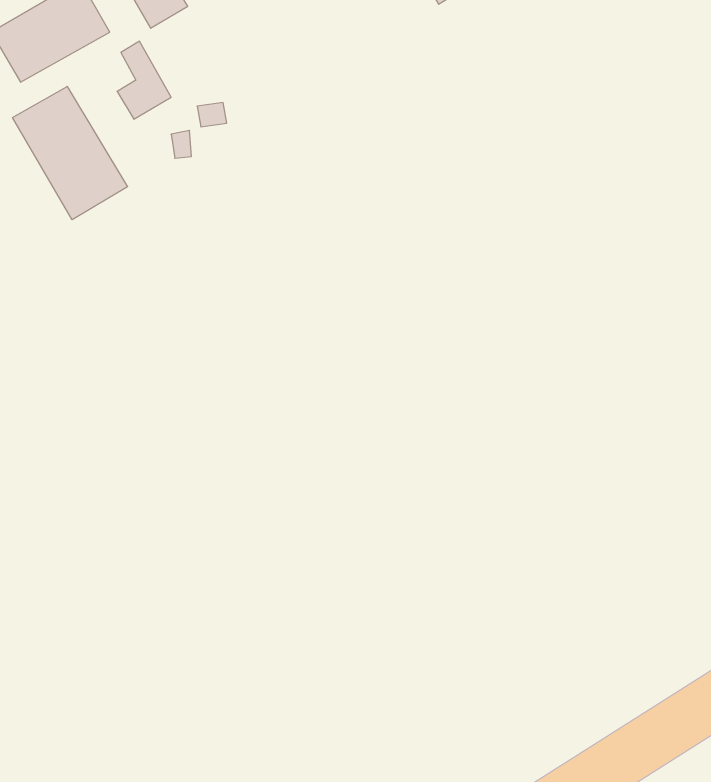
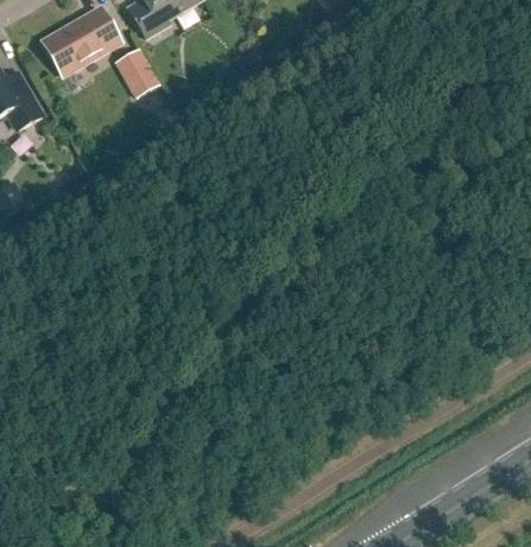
building: [13,86,128,220] -> none

